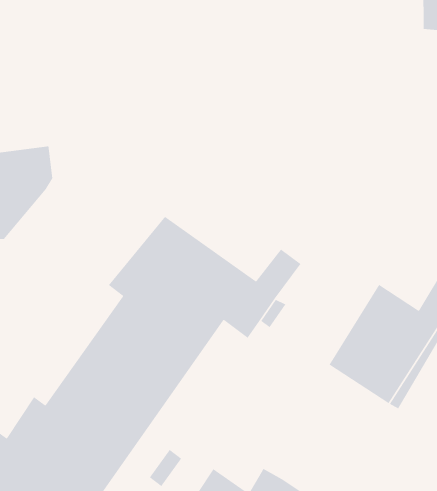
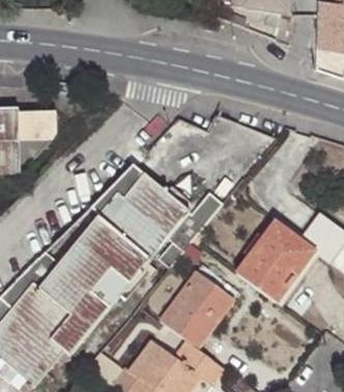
building: none -> [159,271,234,349]

